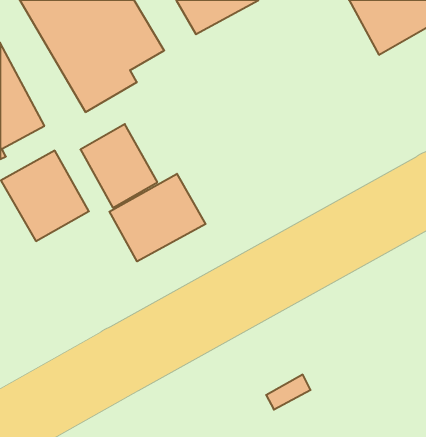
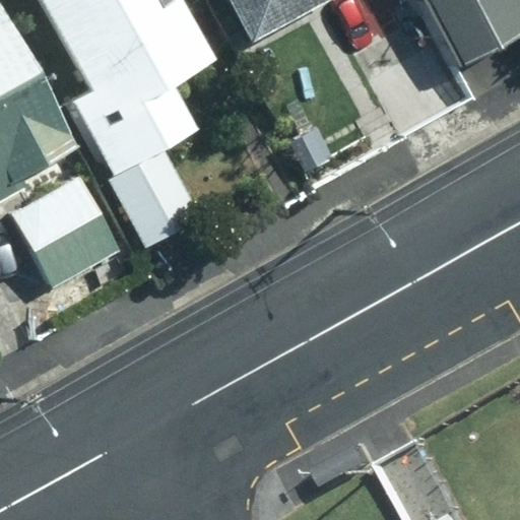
building: [109,174,206,261] -> none

